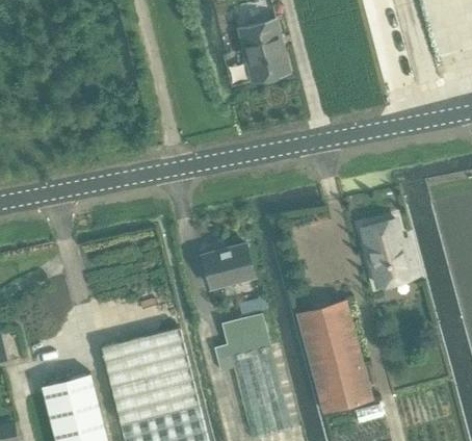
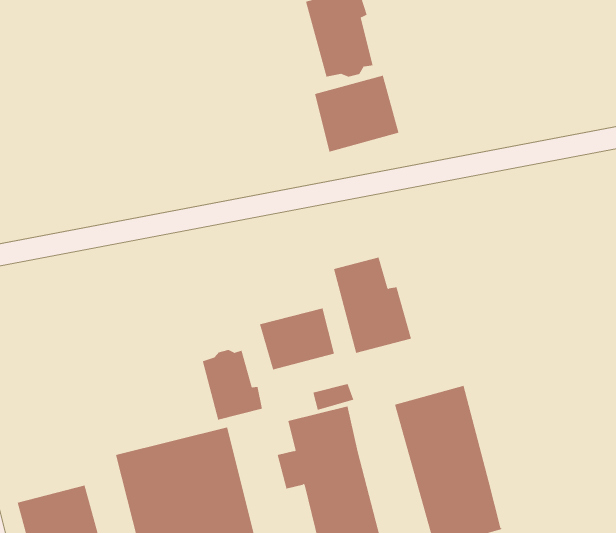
building: none -> [315,75,399,153]
building: [363,219,418,287] -> [333,257,412,354]
building: none -> [202,349,263,420]

